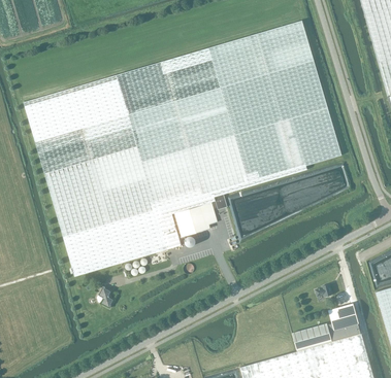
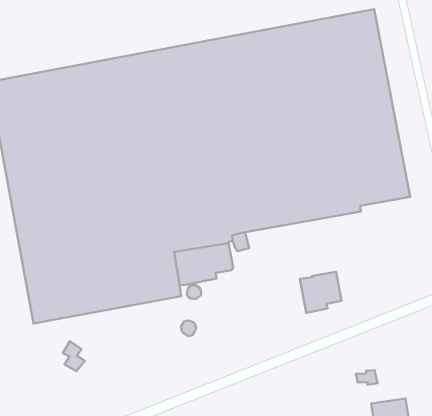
building: none -> [300,272,342,313]

